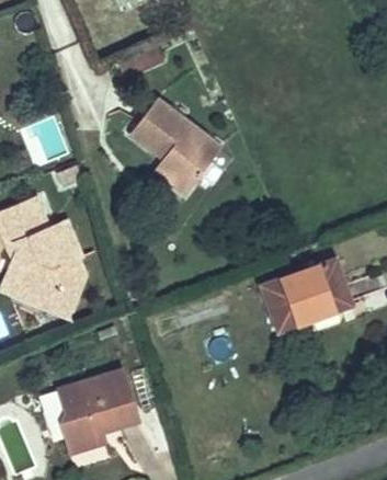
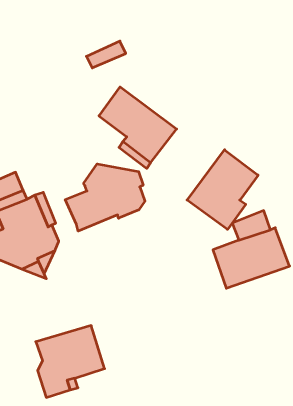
building: none -> [187,150,258,229]
building: none -> [65,164,145,231]

